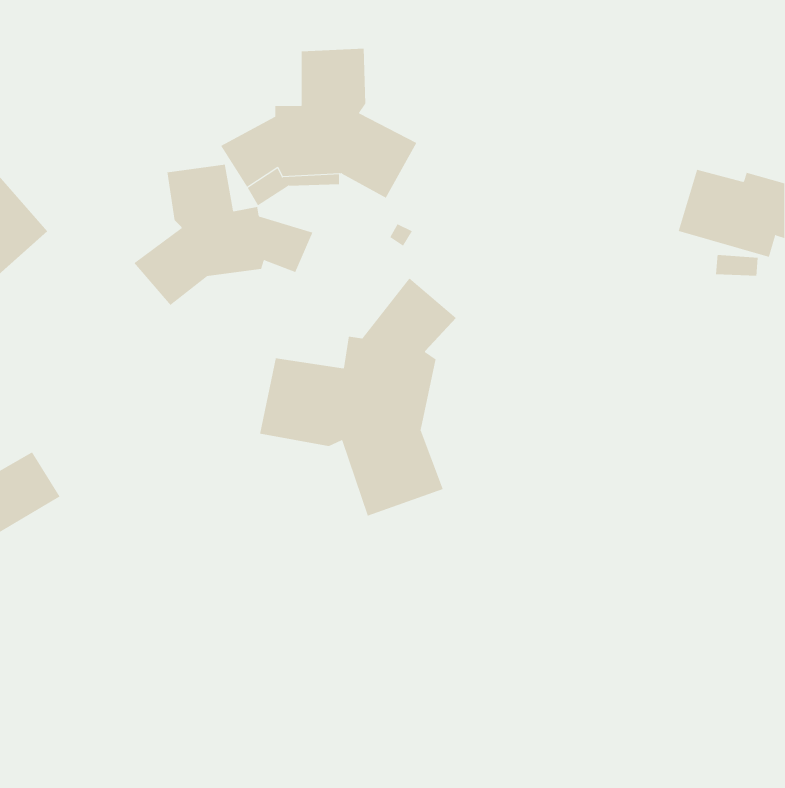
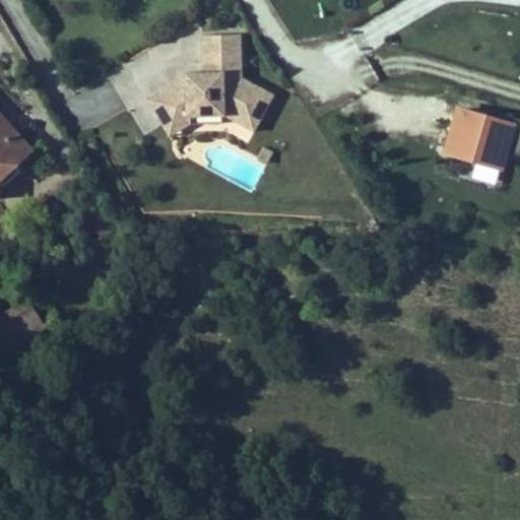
building: [134,164,313,306] -> none
building: [259,278,457,516] -> none

